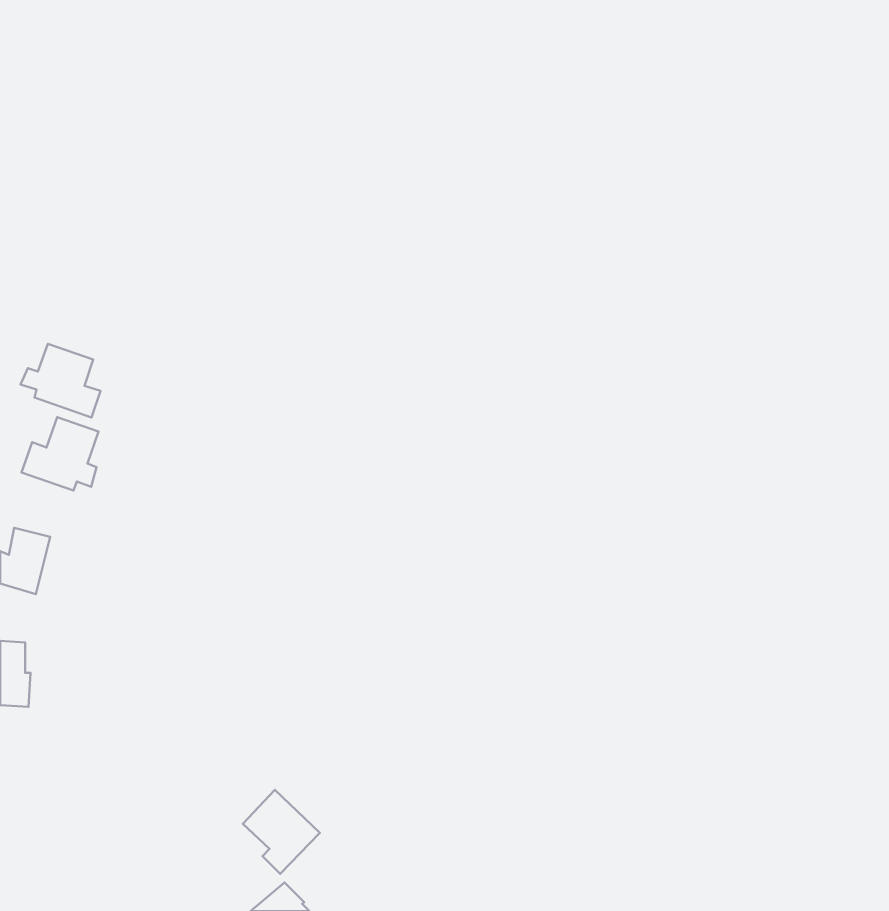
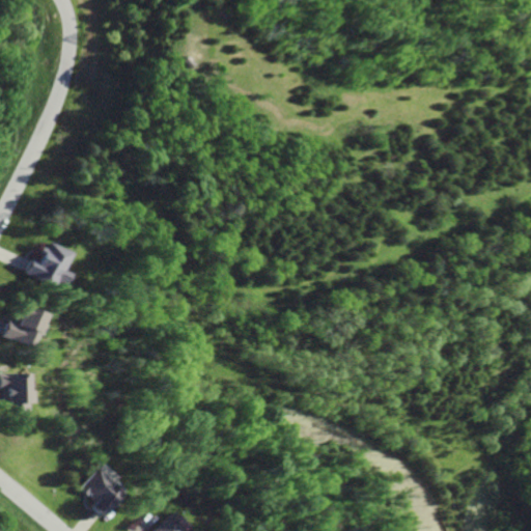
building: [21,344,100,417] -> none
building: [243,790,320,874] -> [85,467,130,515]

